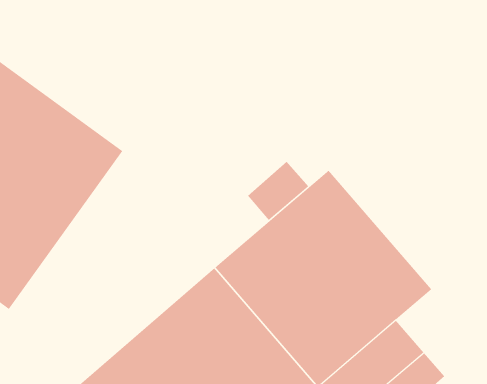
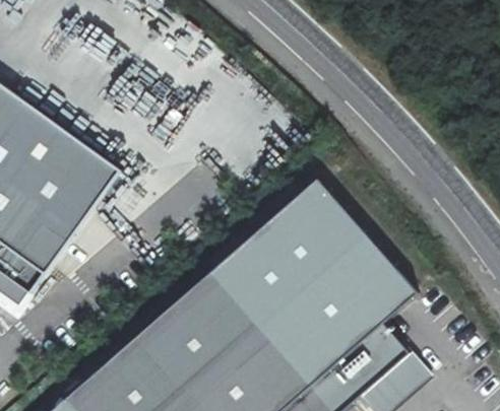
building: [247,161,309,221] -> none

